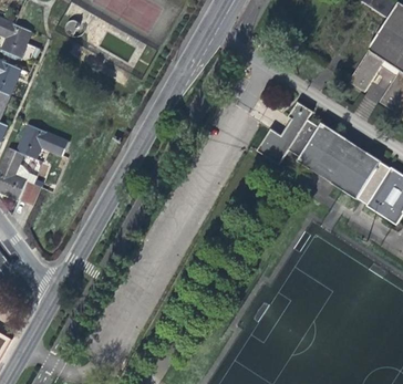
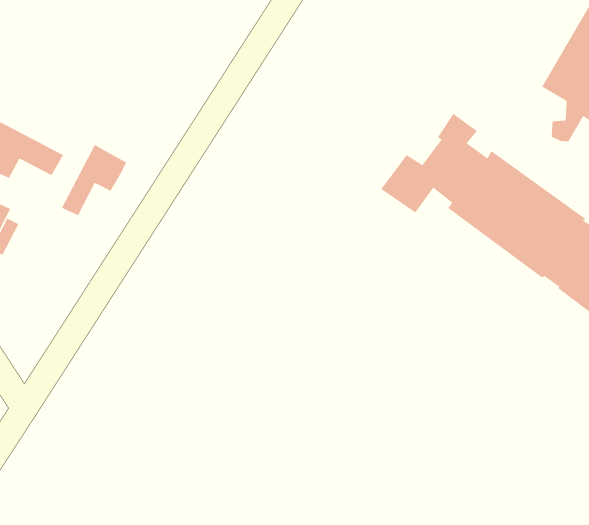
building: none -> [61,144,127,216]

